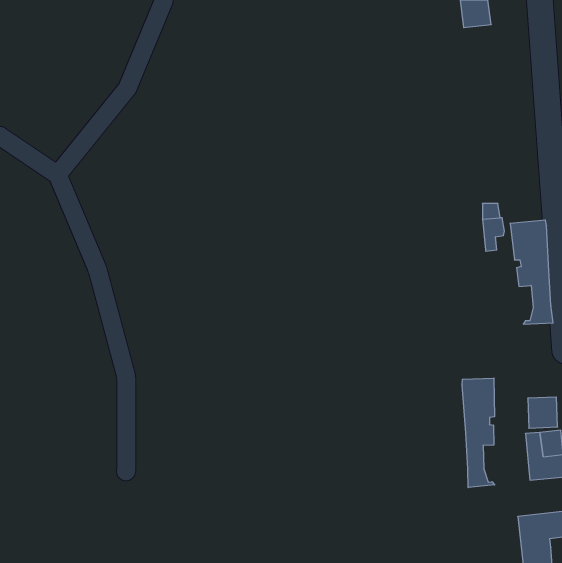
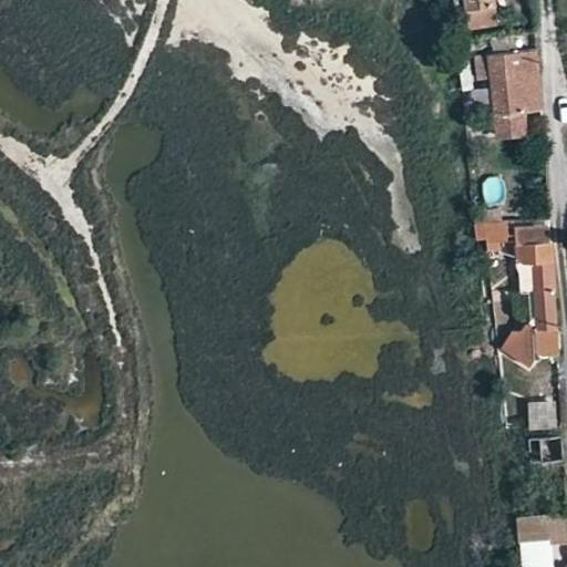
building: none -> [489,53,542,135]
building: none -> [512,326,558,365]
building: [462,378,495,488] -> none

